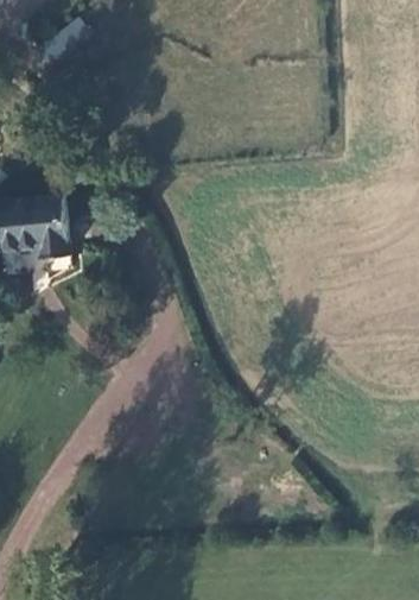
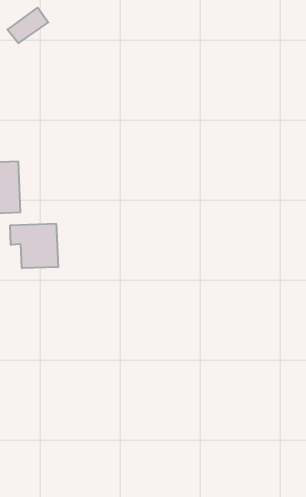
building: none -> [10,224,58,268]

